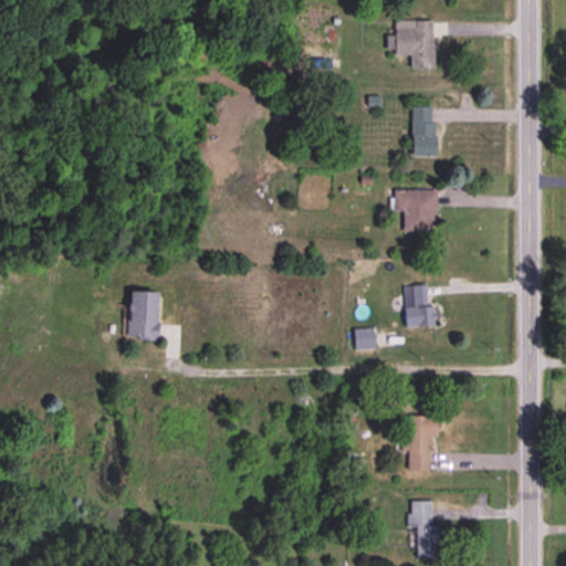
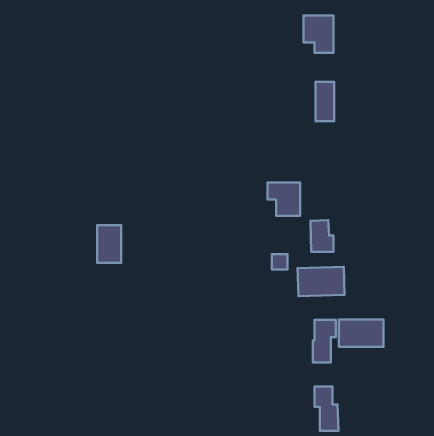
building: [394,190,436,233] -> [268,182,300,216]
building: none -> [298,267,345,296]
building: none -> [339,319,384,347]

